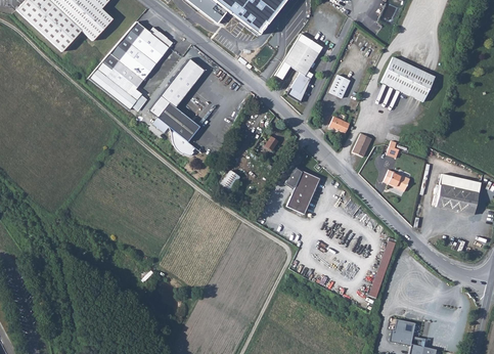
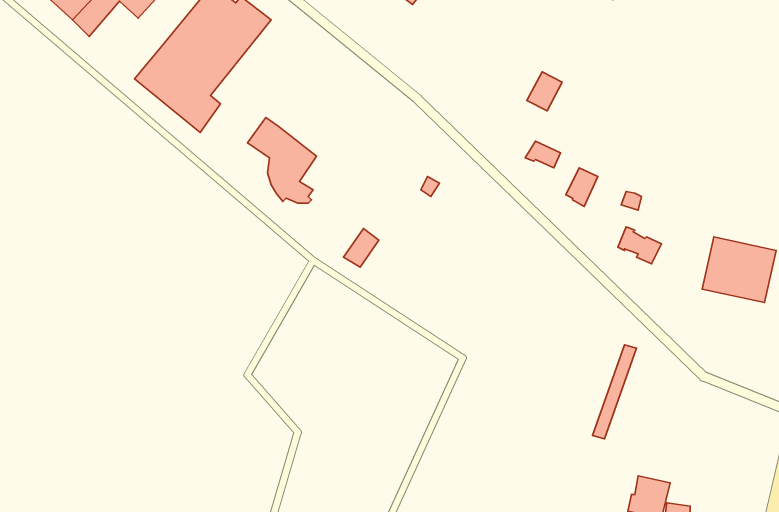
building: [275,35,321,101] -> none
building: [379,55,434,100] -> none
building: [151,58,206,117] -> none
building: [287,171,320,213] -> none

